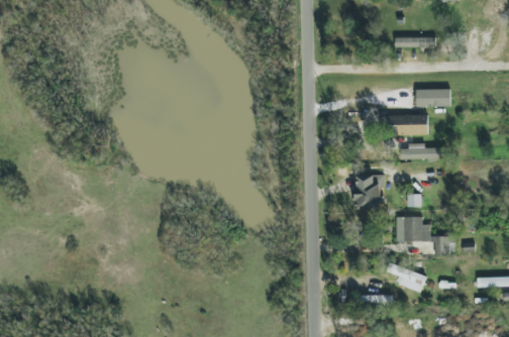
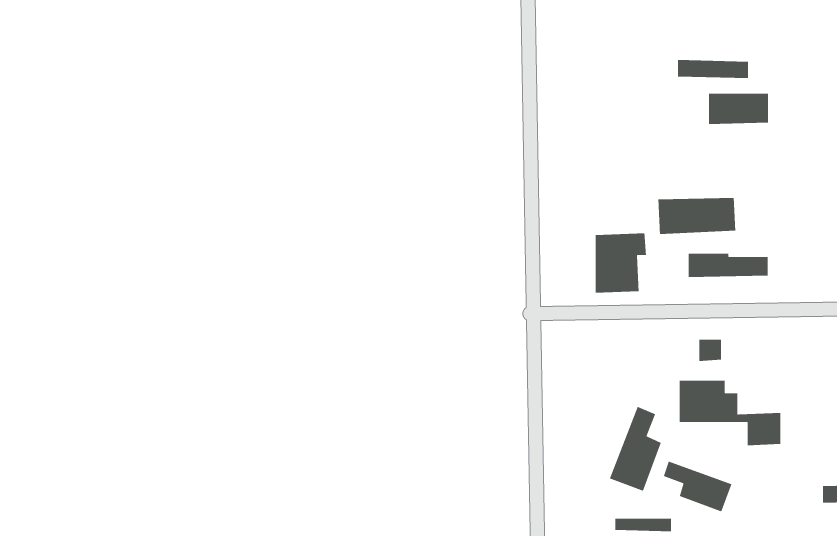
building: [416,89,450,107] -> [708,93,769,125]
building: [355,175,385,209] -> [595,233,647,294]
building: none -> [609,406,662,492]

